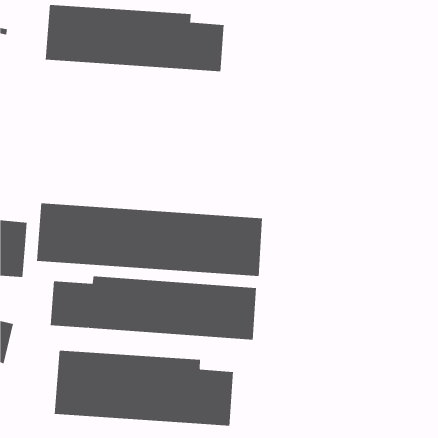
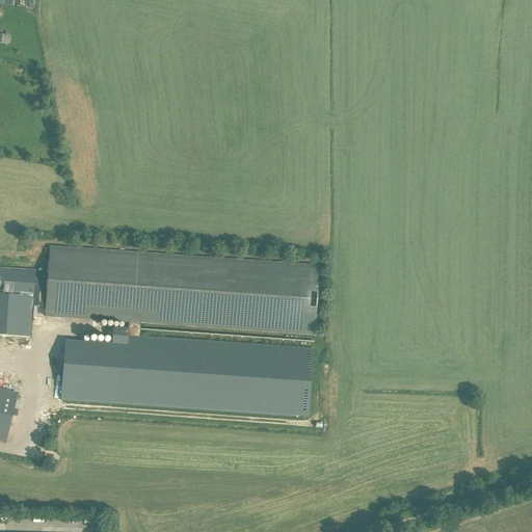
building: [45,4,224,72] -> none
building: [54,350,234,427] -> none

